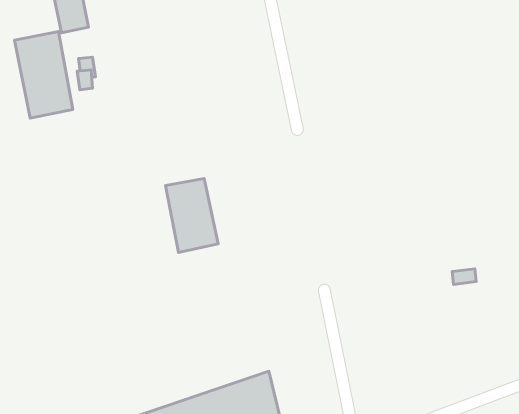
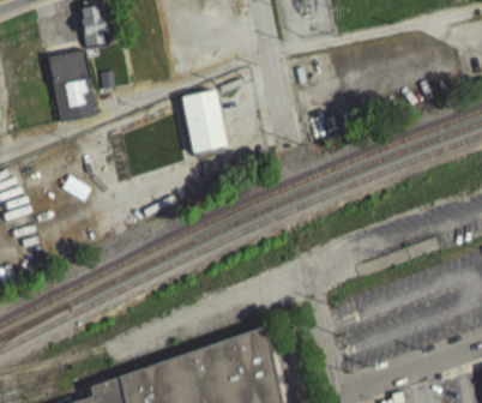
building: [166,178,218,252] -> [183,89,228,151]

